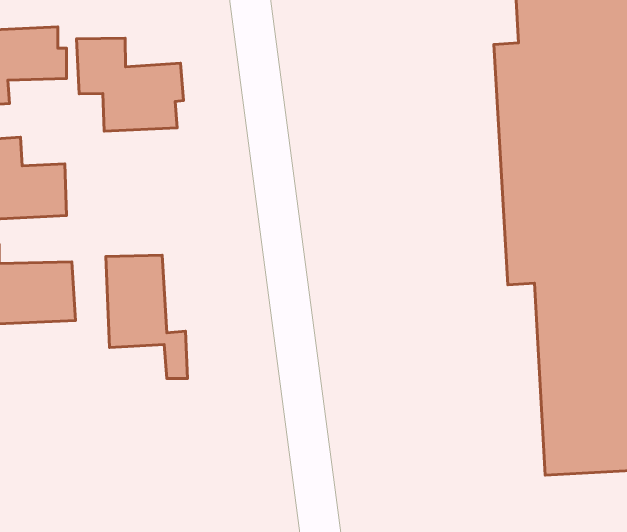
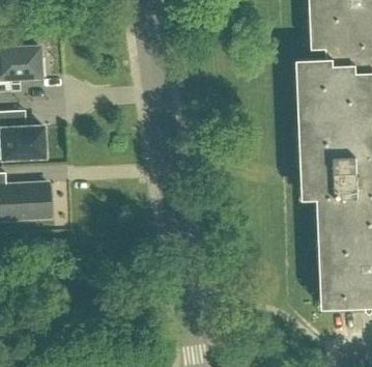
building: [77,38,184,131] -> none
building: [106,255,187,379] -> none

